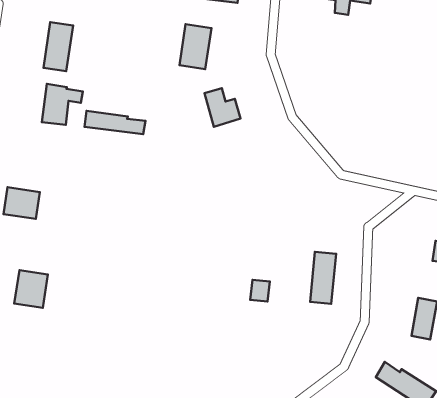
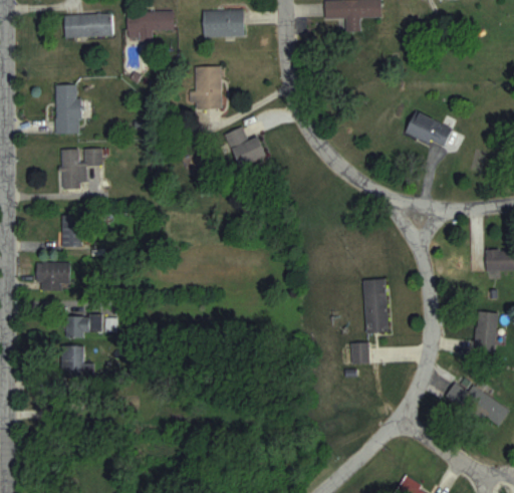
building: none -> [406,111,453,149]
building: [85,111,146,134] -> none
building: none -> [62,215,82,247]
building: none -> [66,316,101,335]
building: [250,280,270,302] -> [350,341,369,363]

